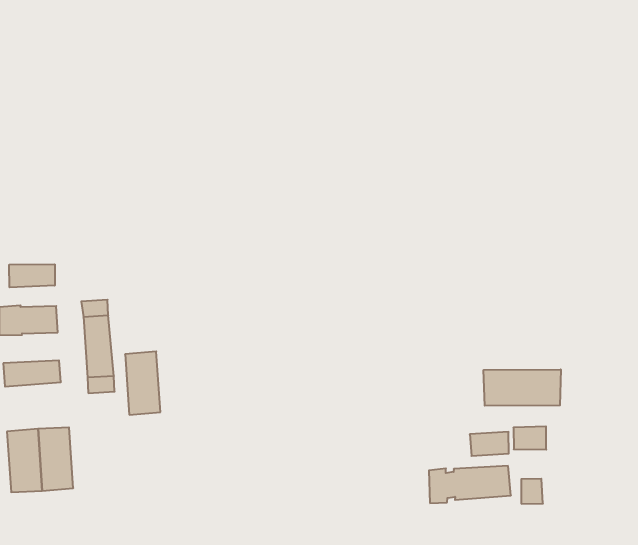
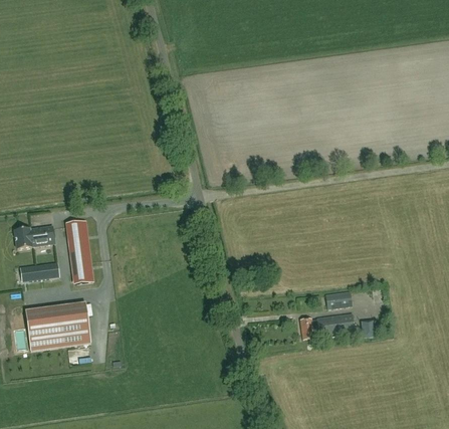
building: [9,264,55,287] -> none
building: [125,351,160,415] -> [65,302,90,345]
building: [484,369,561,406] -> none

